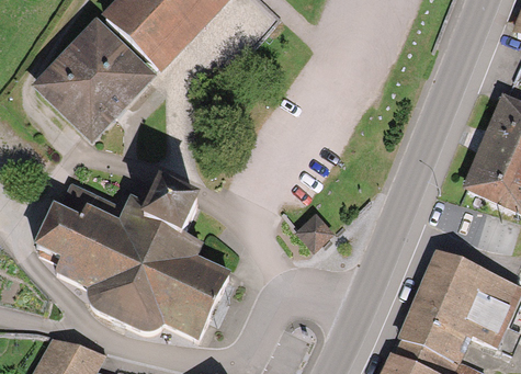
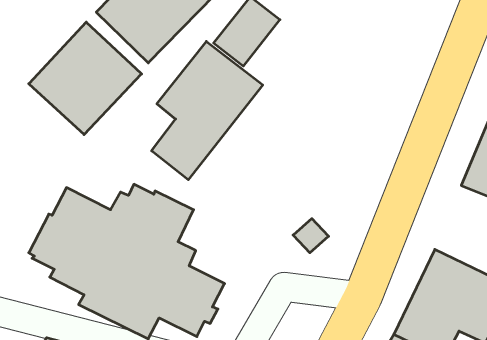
building: none -> [152,41,263,180]

